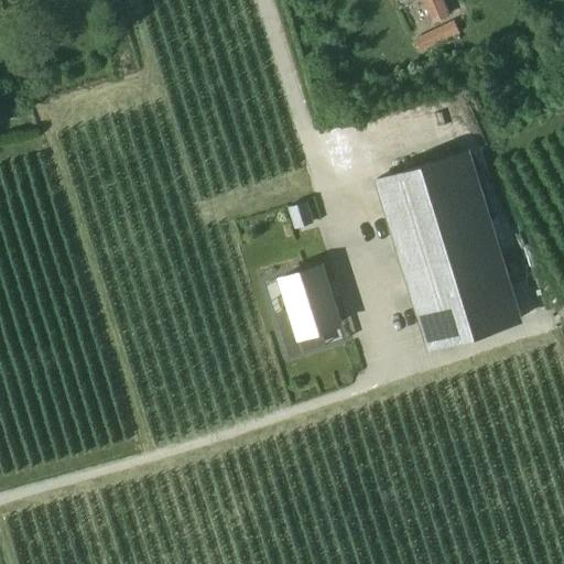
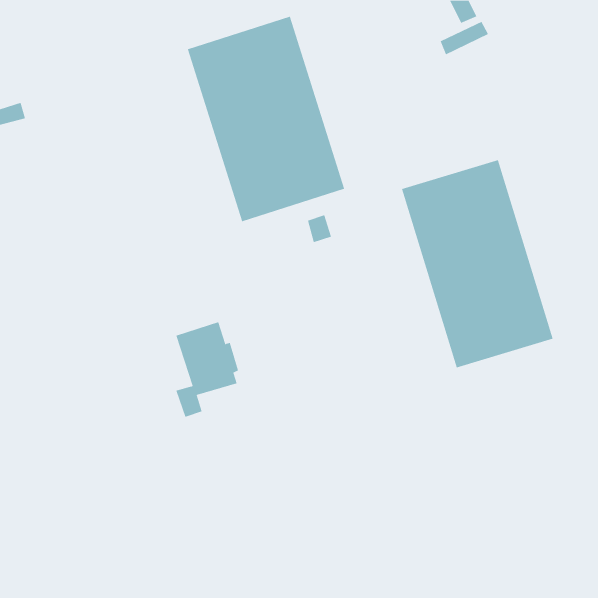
building: none -> [187,16,345,222]
building: [280,265,339,356] -> [175,321,239,418]

